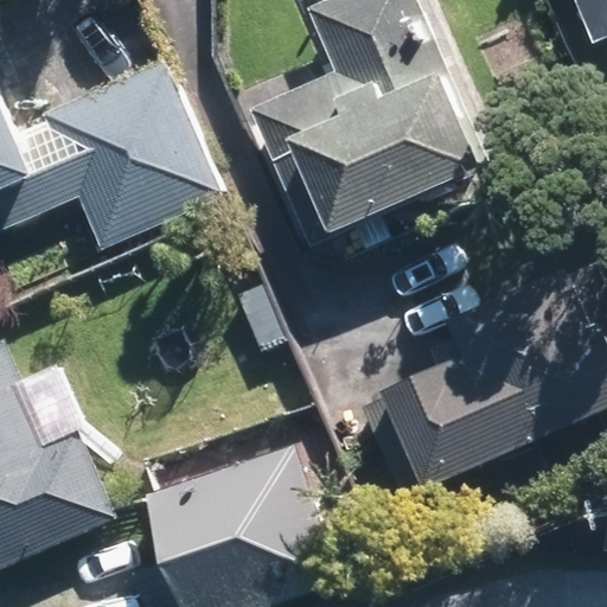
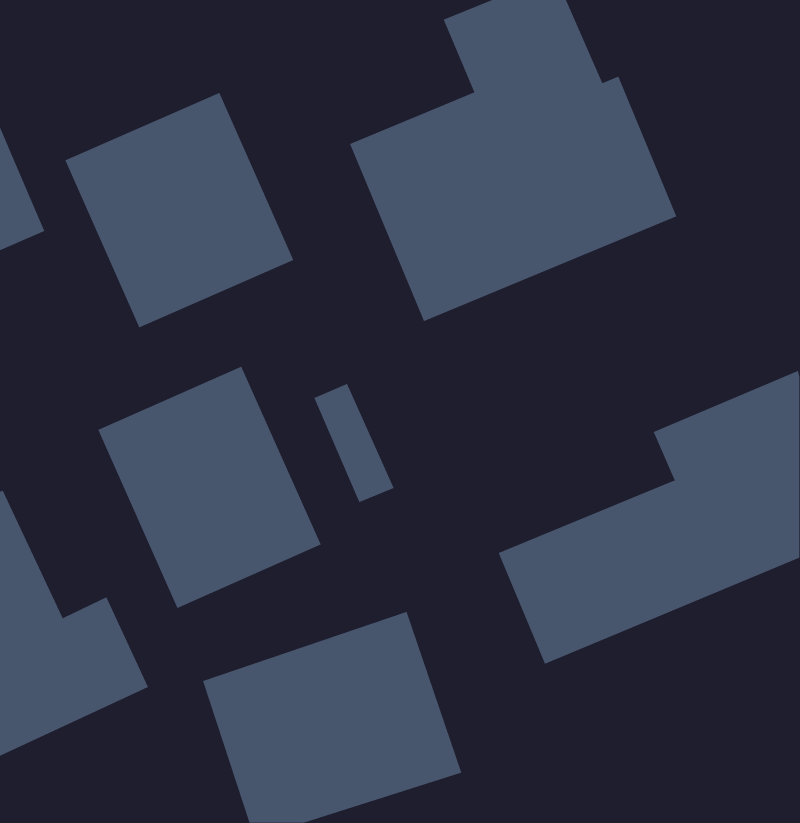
building: none -> [97,366,321,609]

